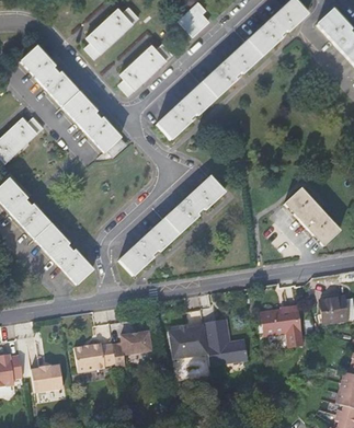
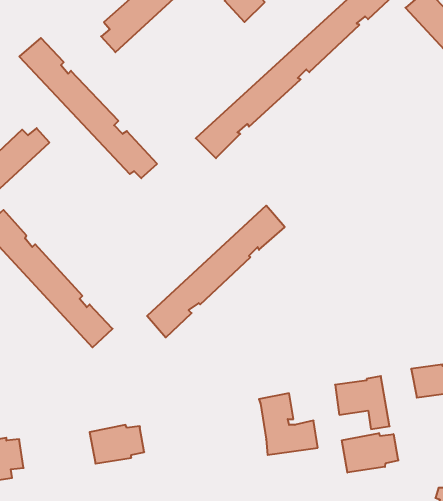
building: [119,42,173,90] -> none
building: [284,188,339,245] -> none
building: [170,326,209,359] -> none
building: [113,333,152,369] -> none
building: none -> [342,433,398,473]
building: [32,365,65,392] -> none

